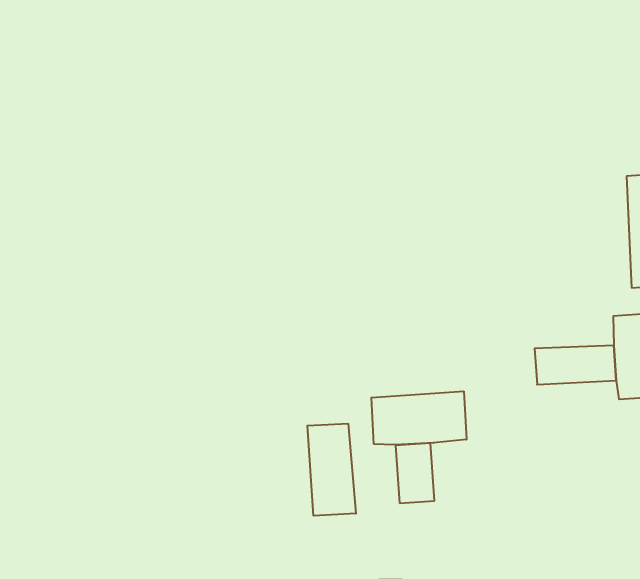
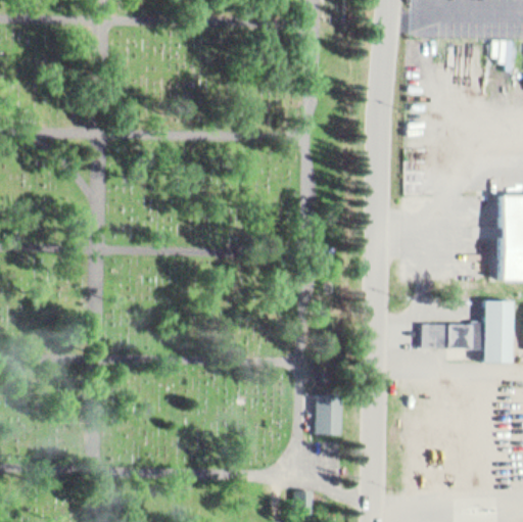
building: [371,391,466,445] -> none
building: [307,424,356,516] -> none

